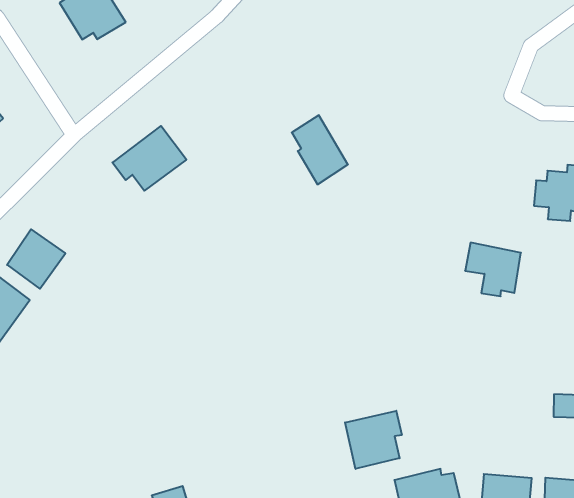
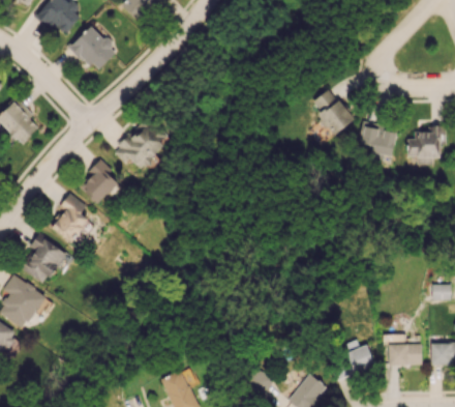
building: [292,115,348,184] -> [313,88,354,136]
building: none -> [78,163,119,204]
building: [465,243,521,296] -> [359,124,396,159]
building: [345,411,402,469] -> none

